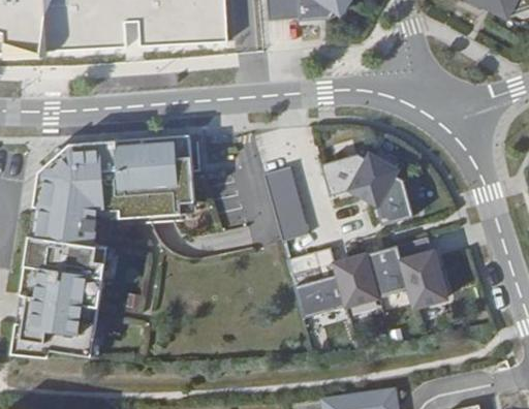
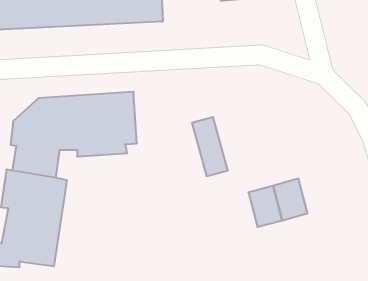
building: [321,155,415,225] -> none
building: [398,239,446,310] -> none
building: [294,249,346,319] -> none

